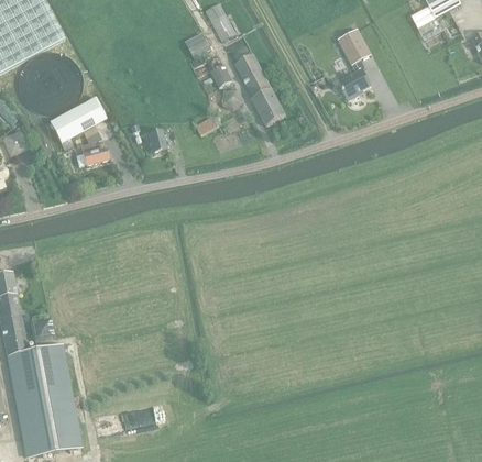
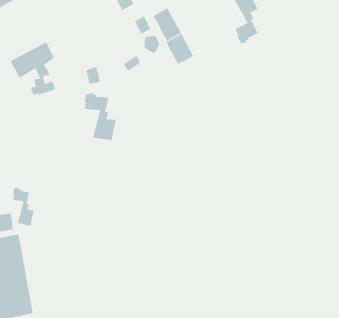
building: none -> [84,92,117,141]
building: none -> [13,187,34,227]

